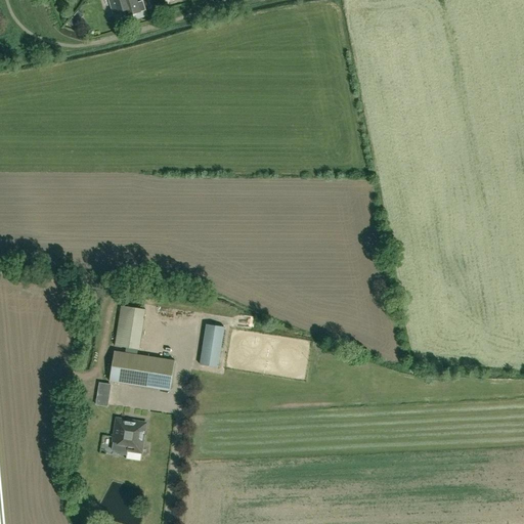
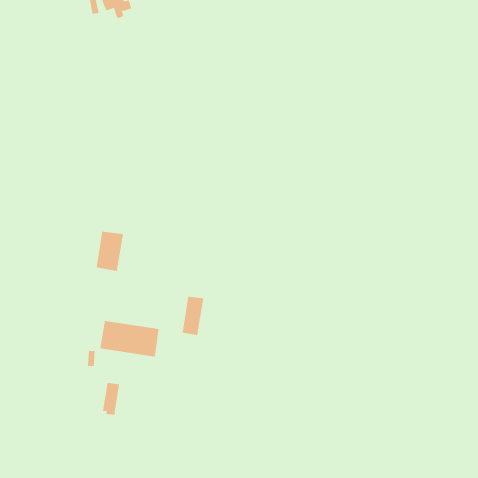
building: [115,305,145,349] -> [96,231,124,271]
building: [126,420,145,451] -> none

